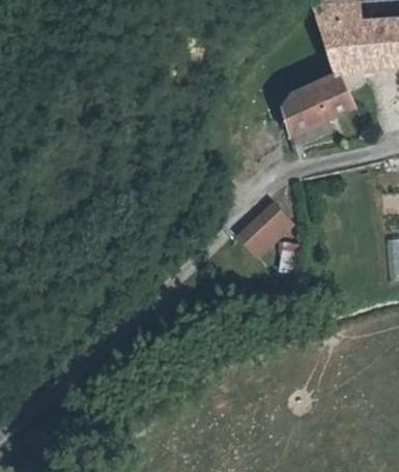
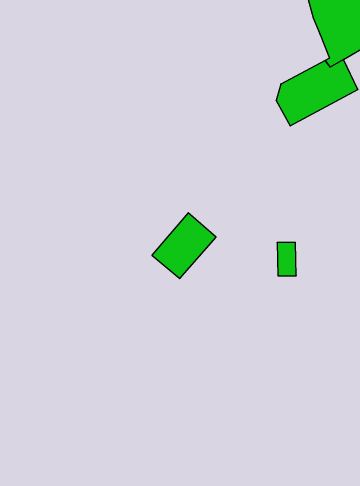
building: [233,198,292,257] -> [152,213,216,279]

